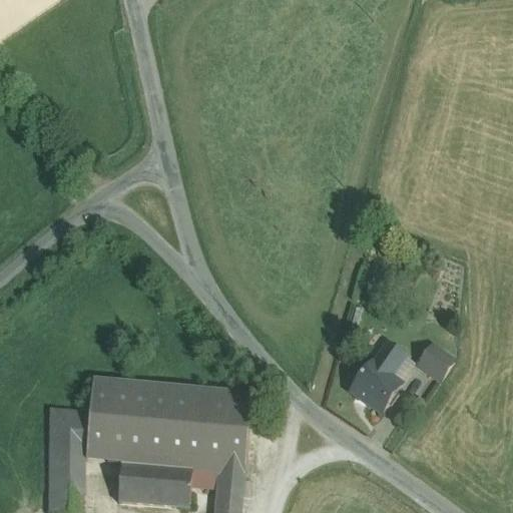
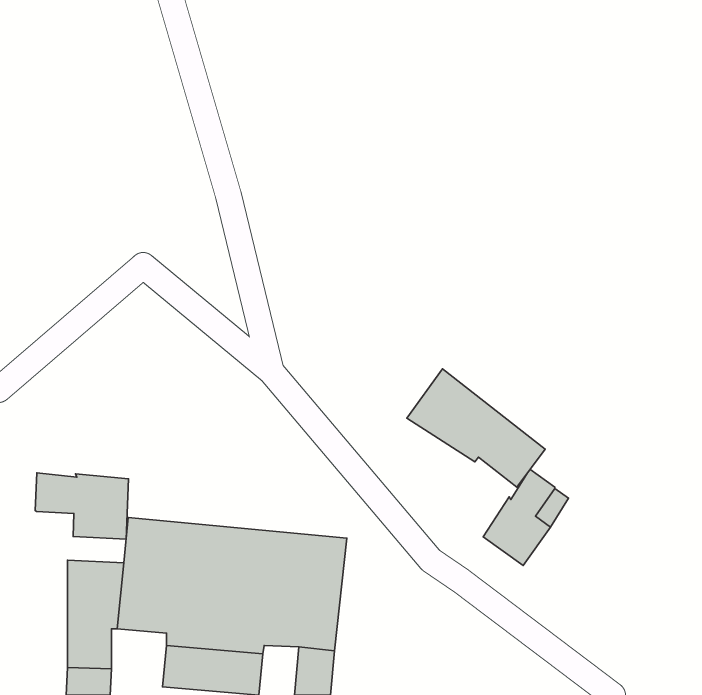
building: none -> [407,369,545,487]
building: [418,344,454,380] -> none
building: none -> [35,473,129,539]

